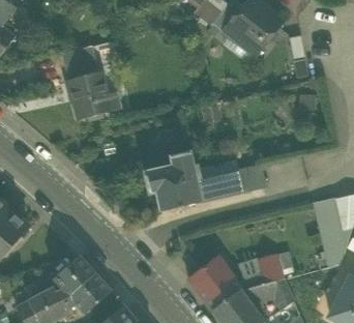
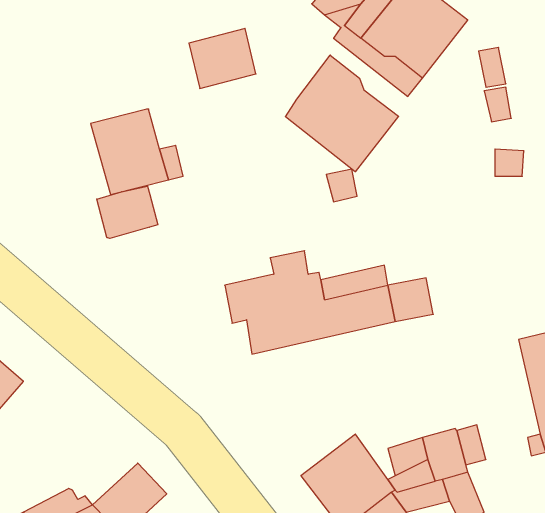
building: none -> [285,55,399,172]
building: [62,45,100,79] -> [189,28,256,88]
building: none -> [97,186,158,238]
building: [54,255,95,296] -> none

